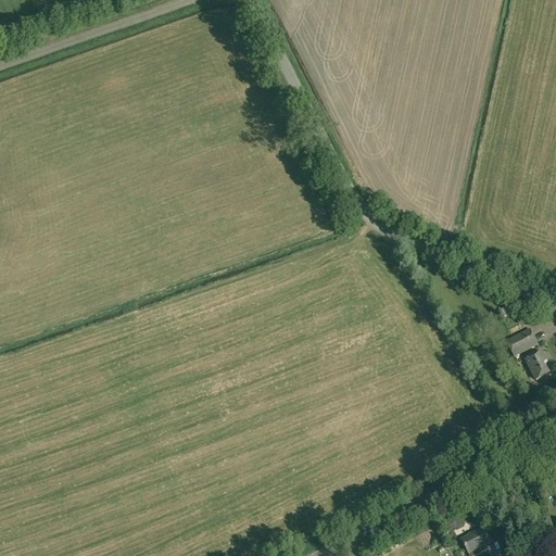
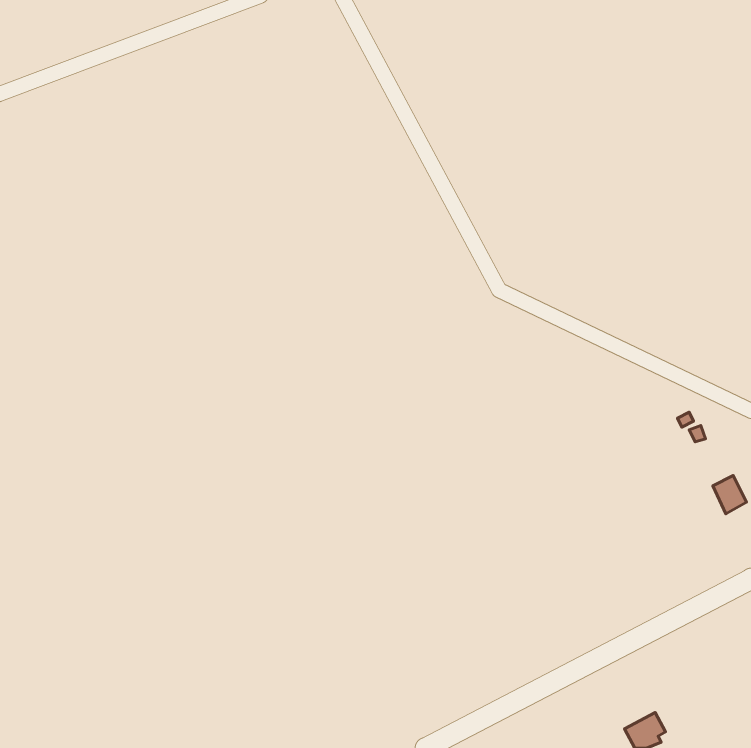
building: [506,328,536,355] -> none

